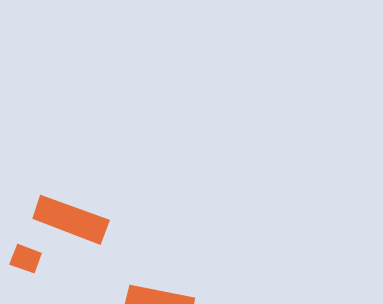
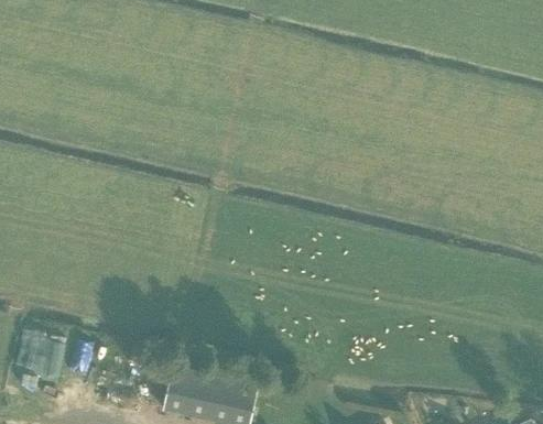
building: [32,194,111,246] -> none

